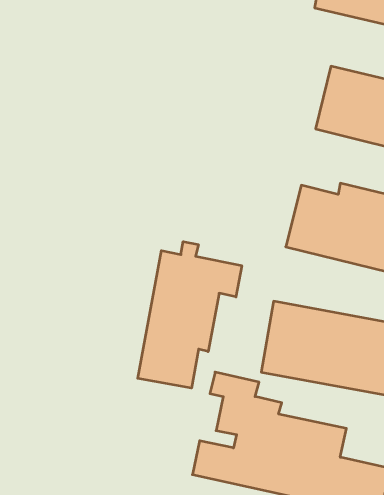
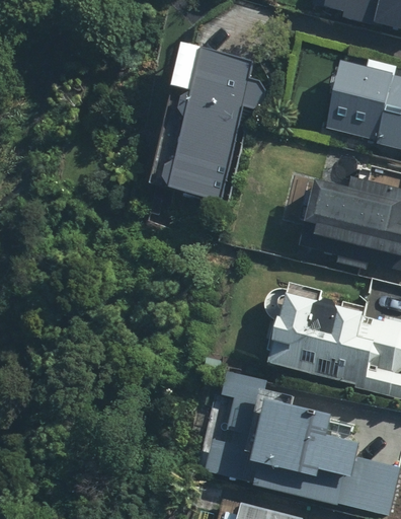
building: none -> [162,34,270,193]
building: [138,242,242,388] -> none

